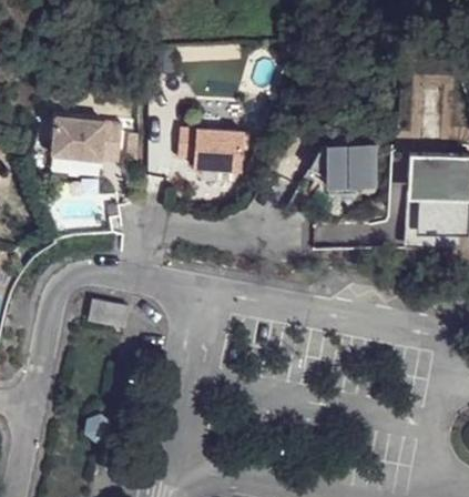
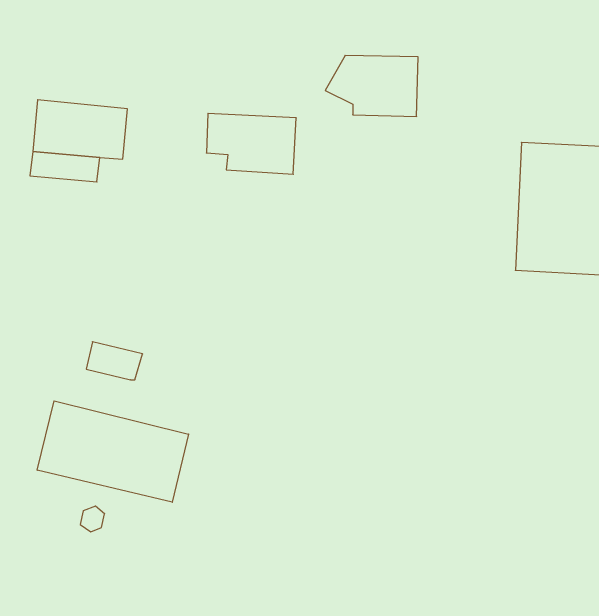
building: [307,145,375,190] -> [325,55,418,116]
building: none -> [37,401,189,502]

